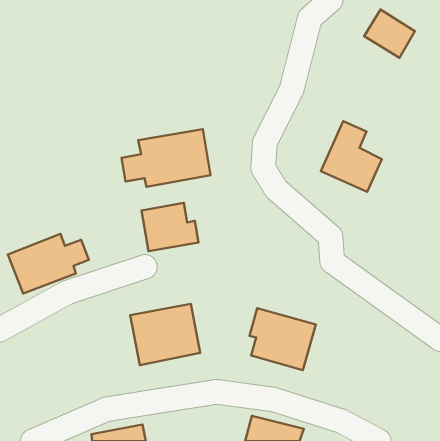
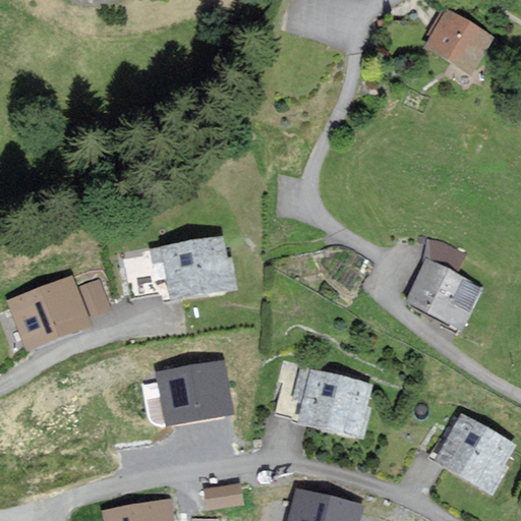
building: [321,121,382,192] -> [406,243,478,327]
building: [121,129,210,187] -> none
building: none -> [438,417,510,485]
building: none -> [201,480,244,510]

